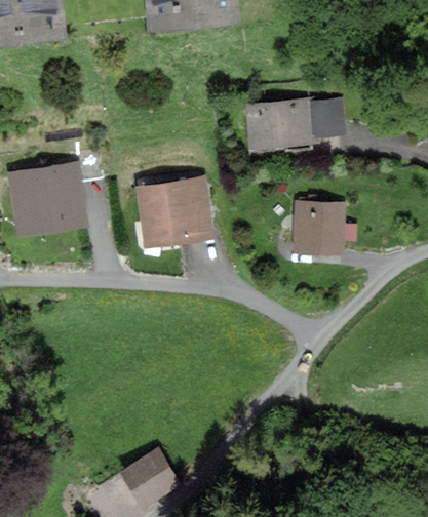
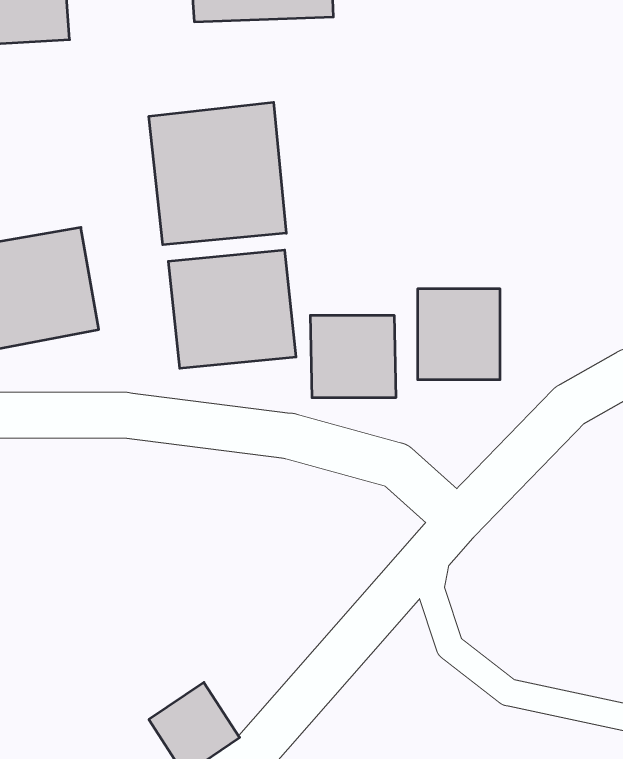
building: none -> [149,102,286,245]
building: [251,100,339,144] -> none
building: none -> [310,315,396,398]

